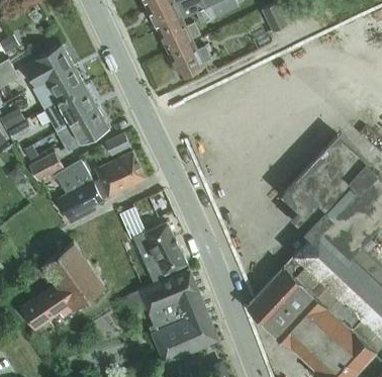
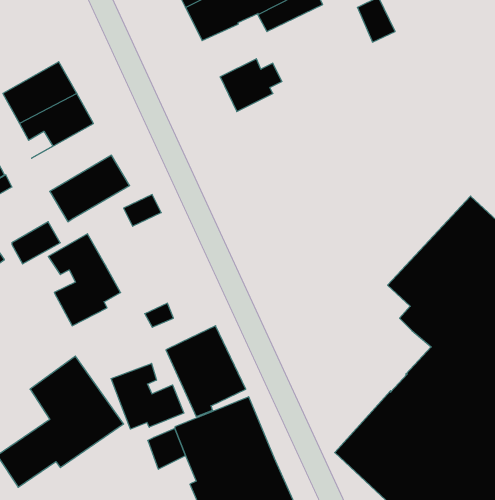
building: [158,20,200,56] -> none
building: [43,87,97,132] -> none
building: [96,152,146,197] -> none
building: none -> [111,363,184,429]

